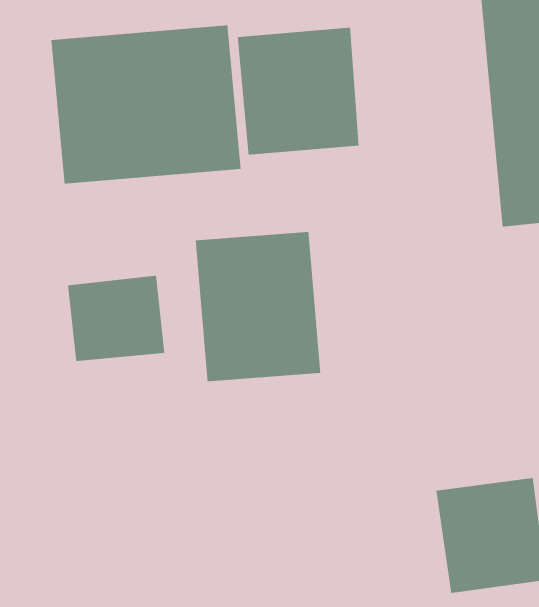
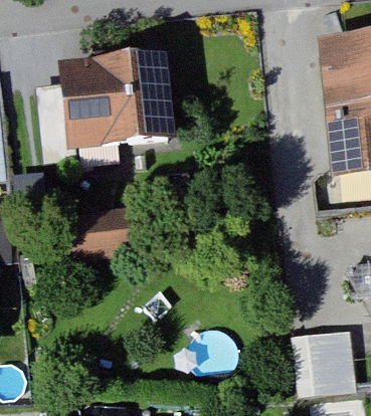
building: [237,27,359,155] -> none
building: [195,231,321,382] -> none

